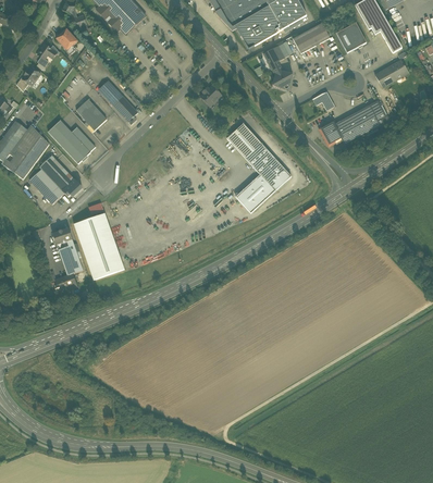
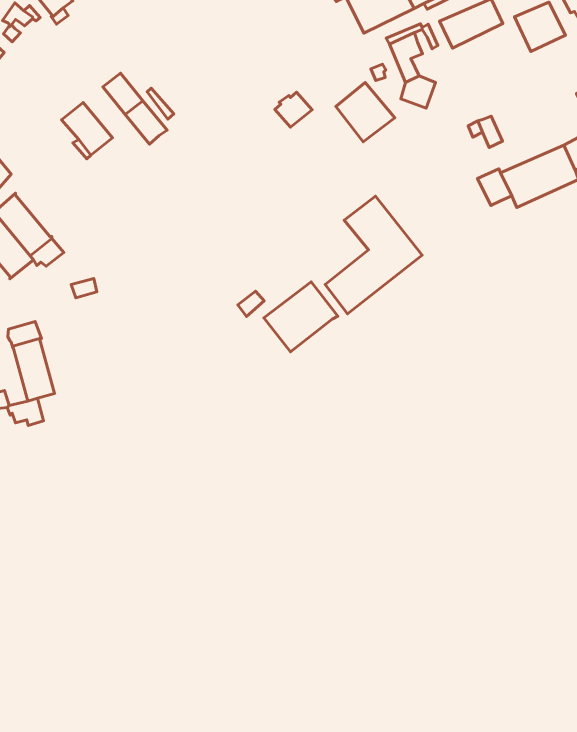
building: [47,120,95,163] -> none
building: [226,123,261,158] -> [336,82,395,142]
building: none -> [264,282,338,352]
building: [73,212,124,280] -> none

